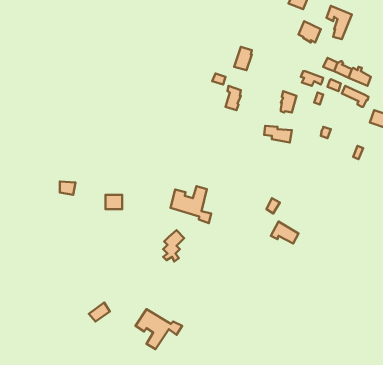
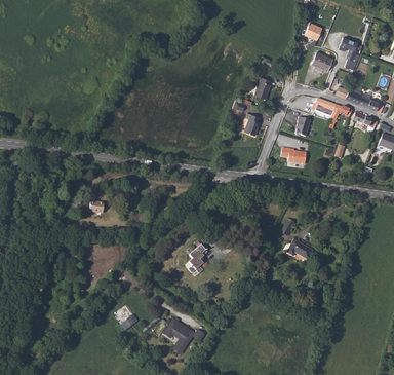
building: [171,186,211,223] -> none

